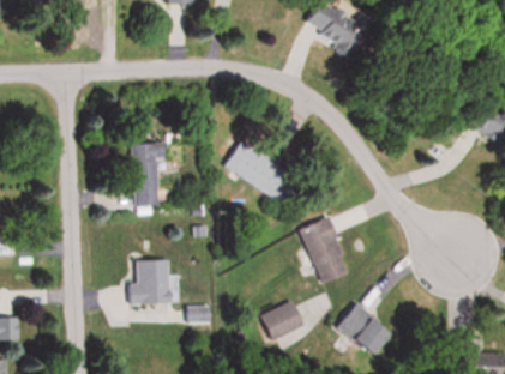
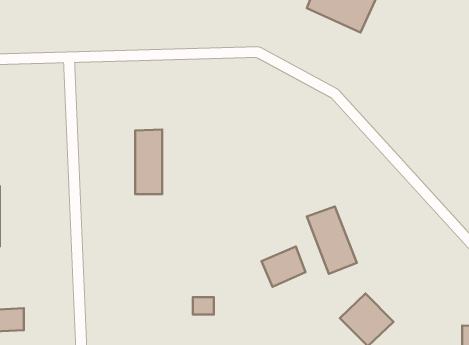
building: [227,143,287,194] -> none
building: [130,259,170,304] -> none
building: [259,301,302,340] -> [262,247,306,287]

